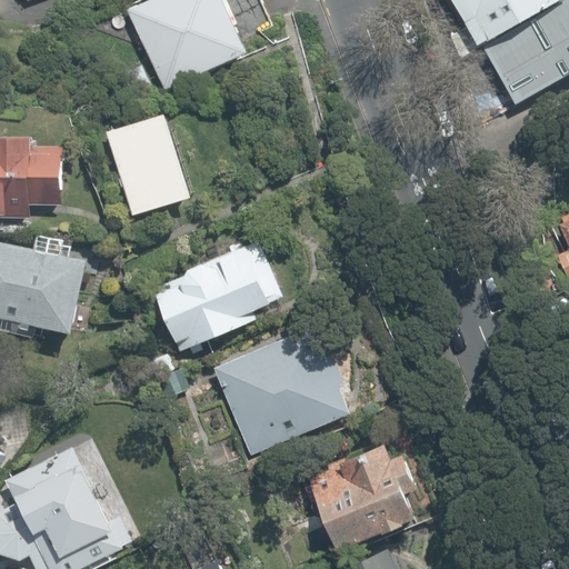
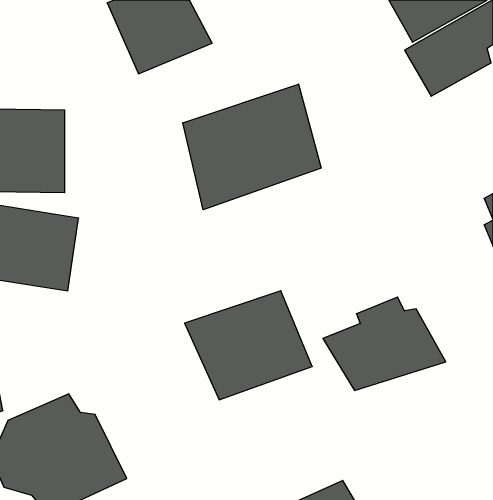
building: none -> [183,84,321,210]
building: [106,109,194,213] -> none
building: [140,238,284,356] -> none
building: [301,441,440,547] -> [323,297,446,390]

